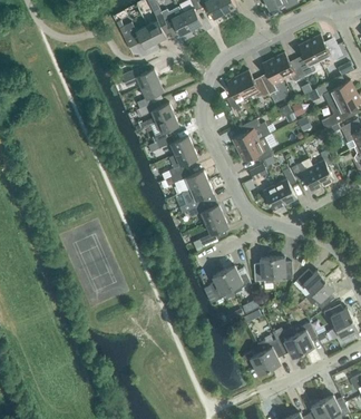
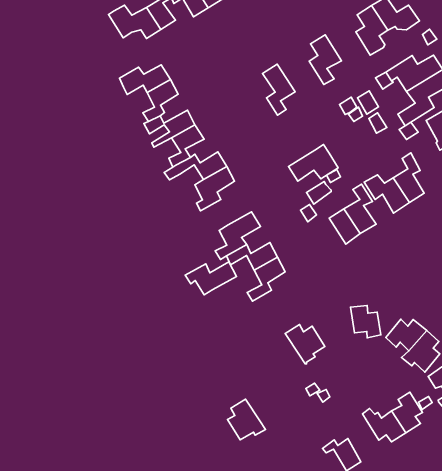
building: [273,52,304,81] -> none
building: [236,70,269,98] -> none
building: [232,118,270,150] -> none
building: [170,169,207,192] -> [185,262,236,295]
building: [253,256,273,283] -> none
building: [208,271,235,300] -> [227,399,265,440]
building: [256,339,283,369] -> none

